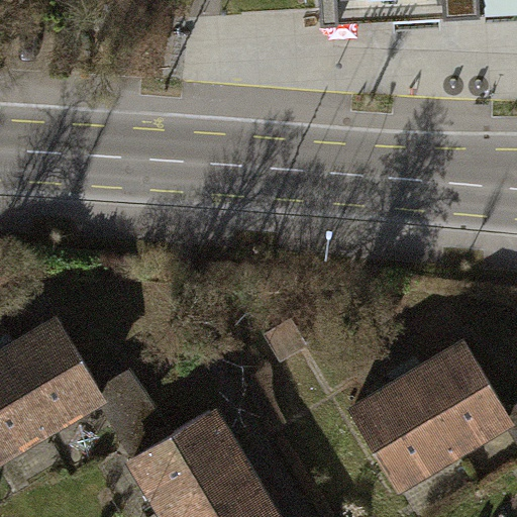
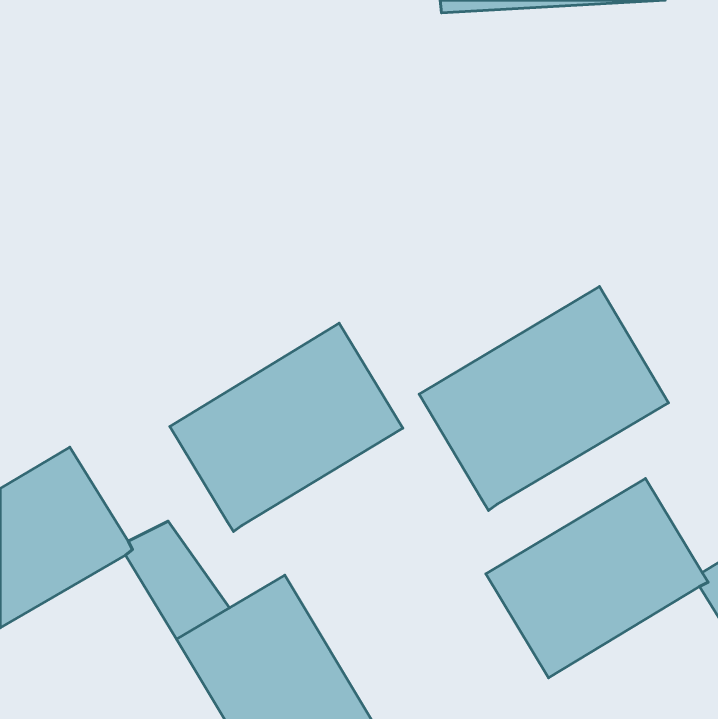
building: none -> [419,286,669,511]
building: none -> [170,323,403,531]

